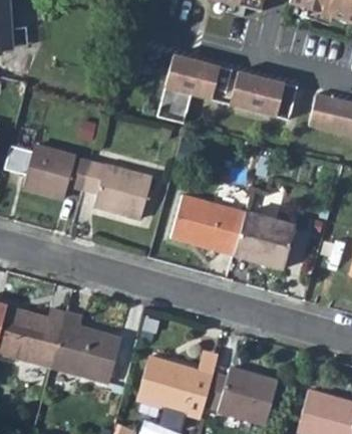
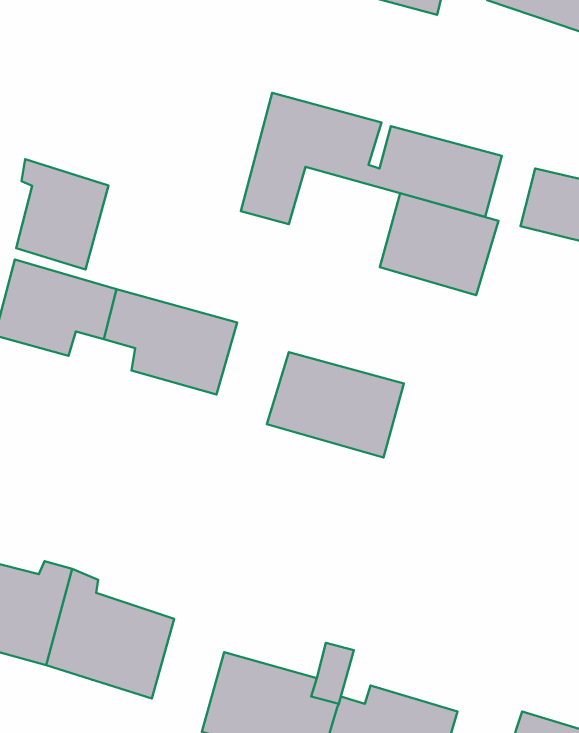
building: none -> [16,159,108,269]
building: [234,211,298,266] -> [380,193,498,295]

